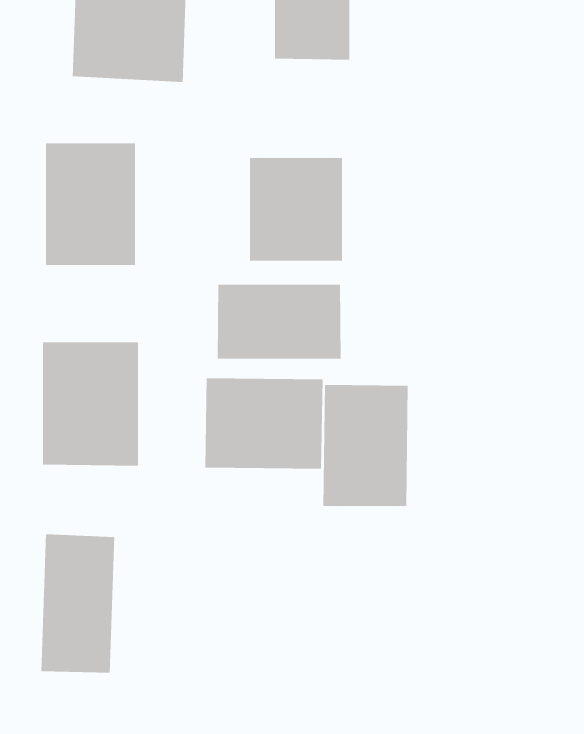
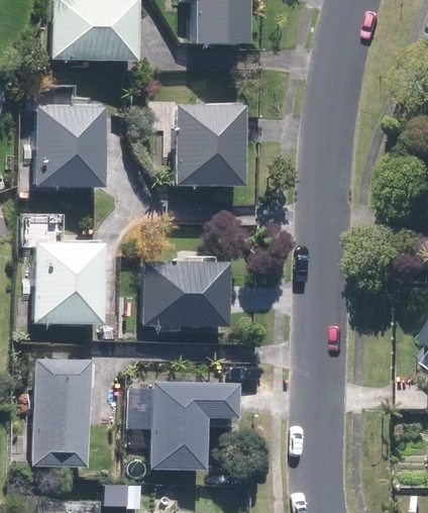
building: [217,284,342,359] -> none
building: [323,384,409,507] -> none
building: none -> [151,377,231,470]

